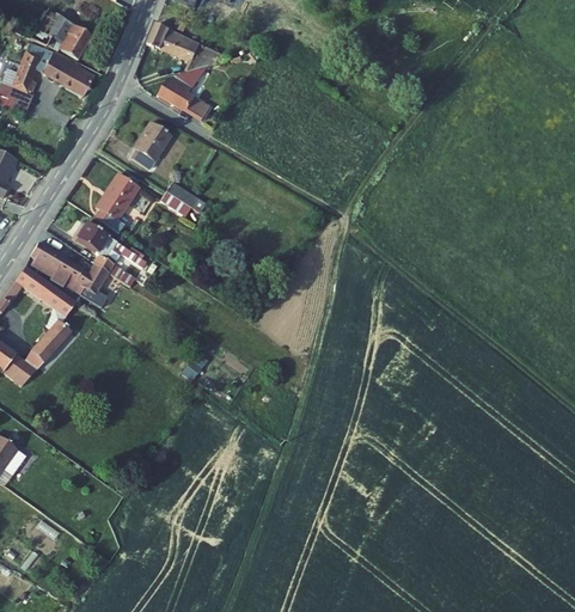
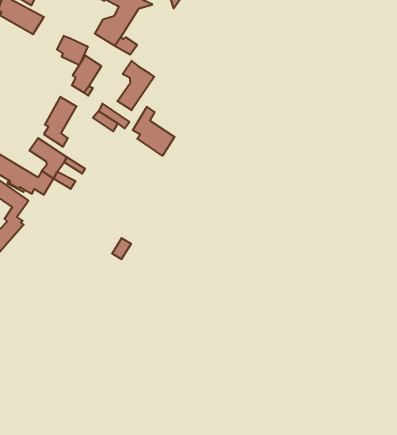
building: none -> [57,36,88,65]
building: none -> [117,61,154,110]
building: none -> [133,107,175,156]

